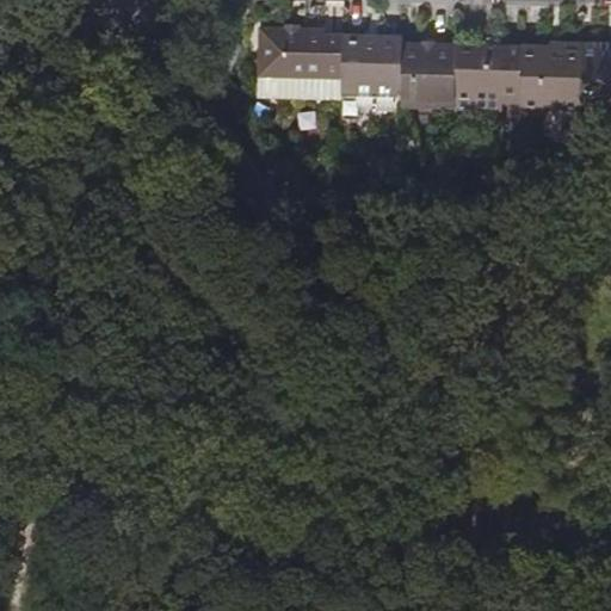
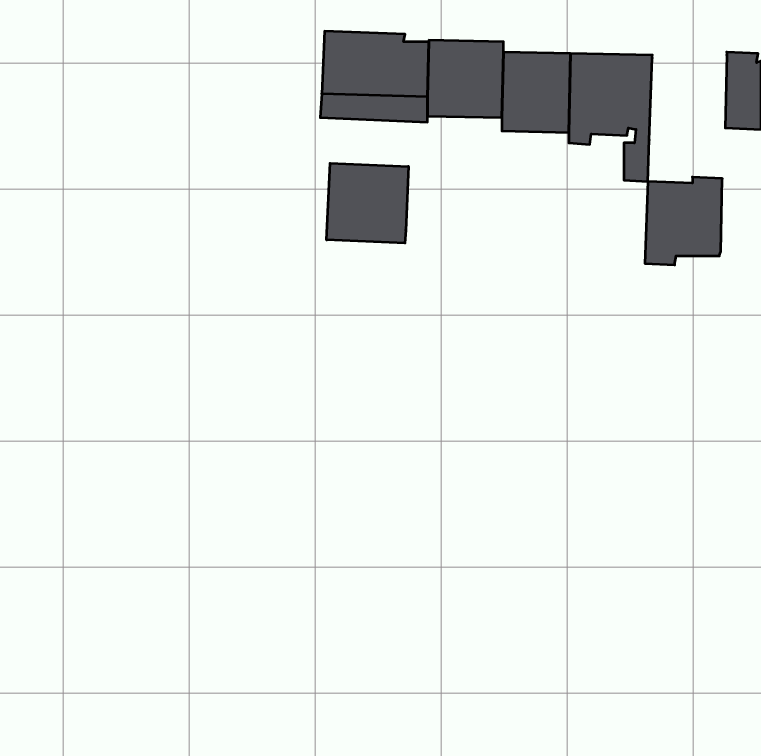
building: [520,43,582,113] -> [645,177,722,265]
building: none -> [327,163,408,243]

